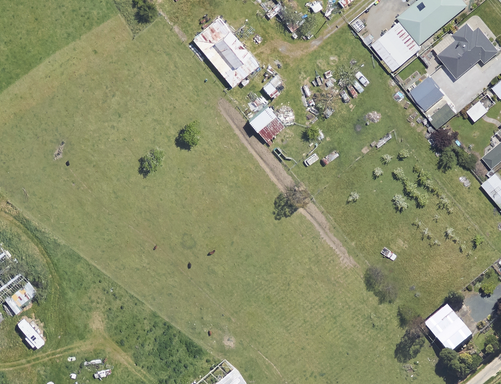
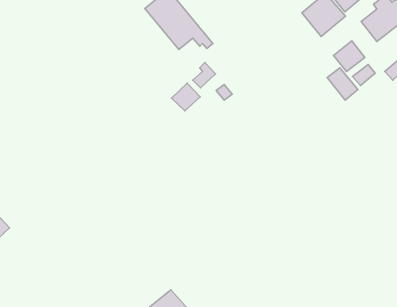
building: none -> [327,68,358,100]
building: none -> [172,83,200,111]
building: [425,308,473,357] -> none

